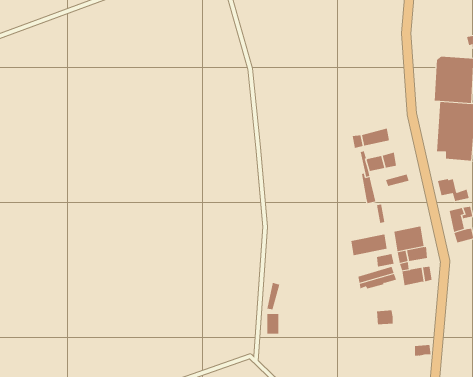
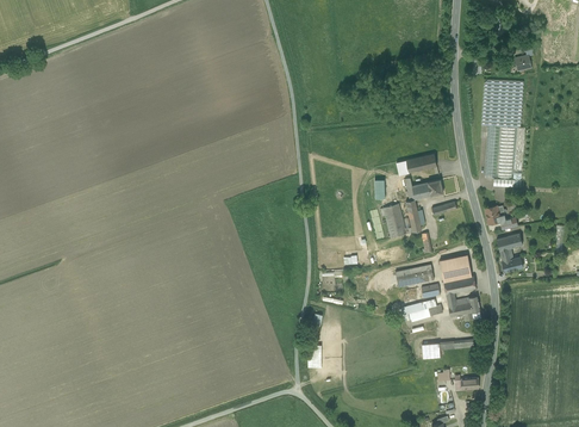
building: none -> [382,203,406,236]

